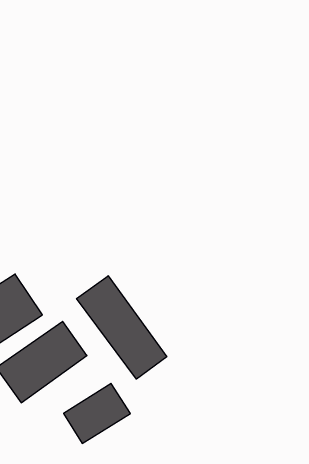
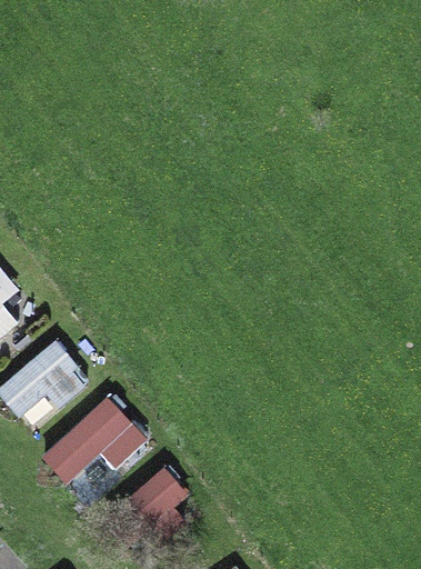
building: [77,276,167,379] -> none

